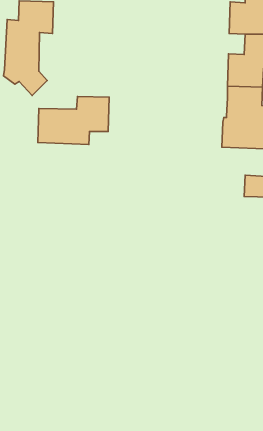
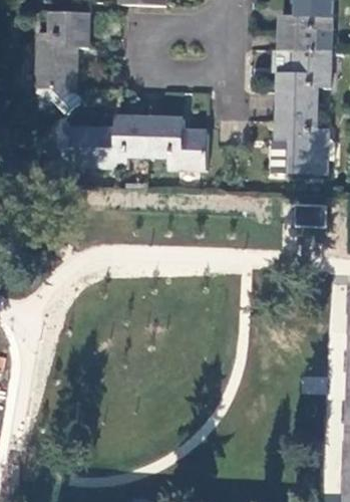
building: none -> [147,115,207,168]

